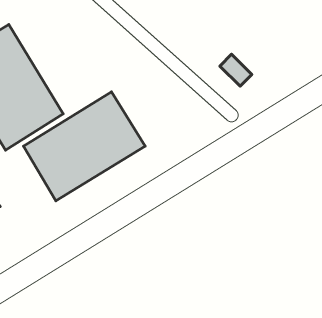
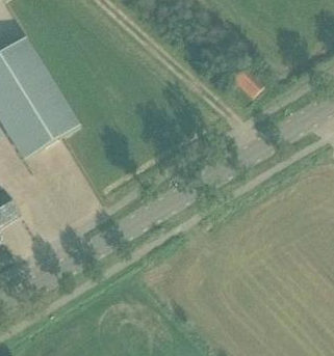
building: [23,92,145,201] -> none

